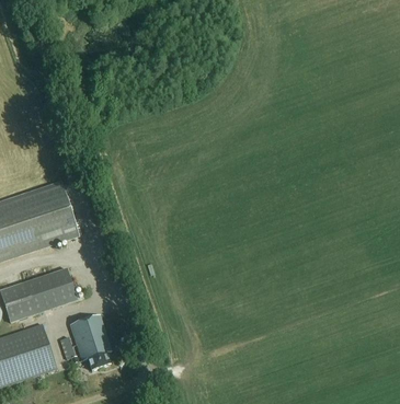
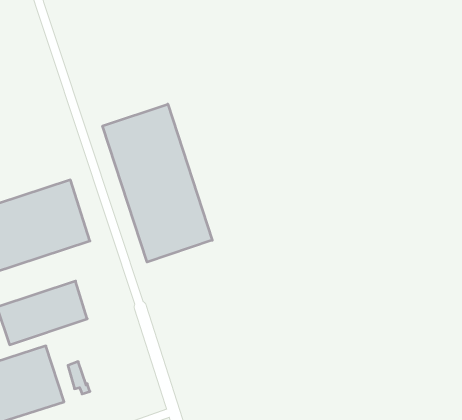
building: none -> [103,104,212,262]
building: [69,314,111,370] -> none

